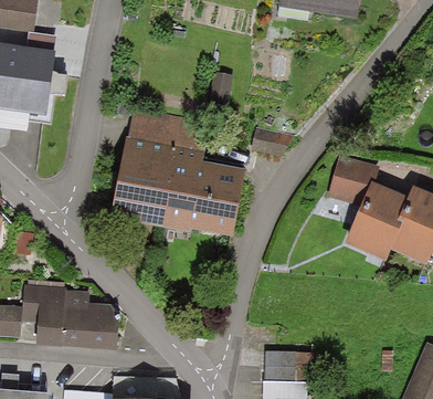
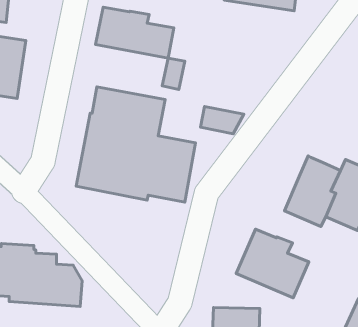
building: none -> [96,7,174,58]
building: [328,153,379,203] -> none
building: none -> [236,229,309,298]

